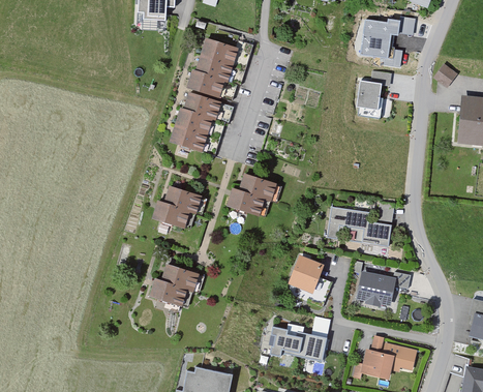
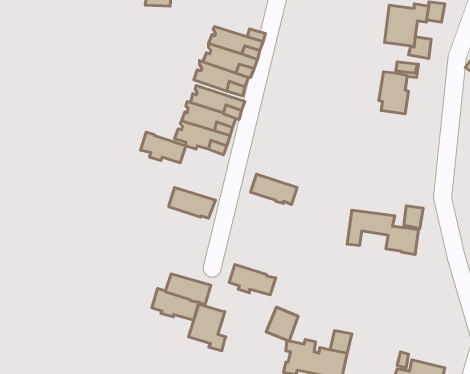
building: [227,188,269,216] -> [229,264,276,295]
building: [151,201,192,229] -> [141,132,186,163]
building: [291,259,320,290] -> [266,307,298,341]
building: [358,272,410,303] -> none
building: none -> [189,304,226,351]

